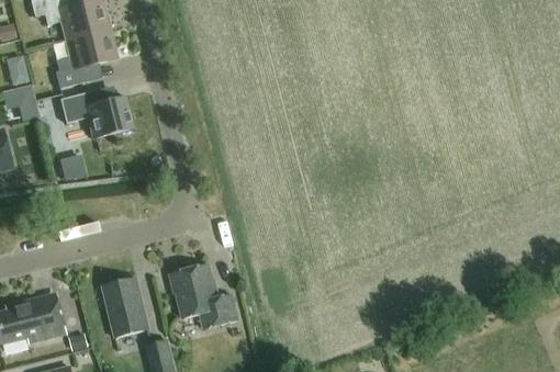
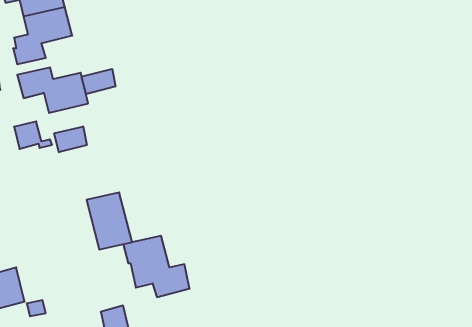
building: none -> [82,69,115,94]
building: none -> [54,126,87,152]
building: [101,278,148,337] -> [87,192,132,250]

